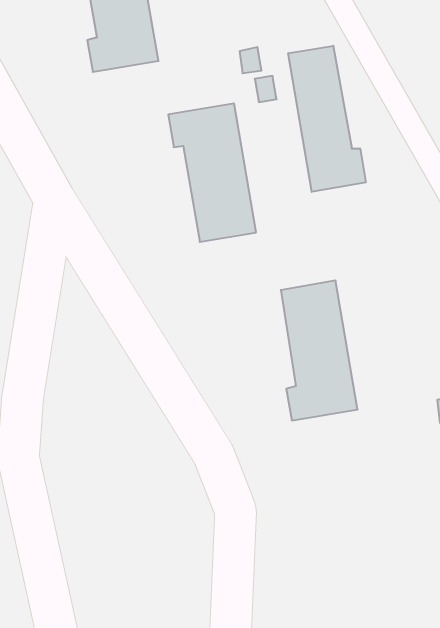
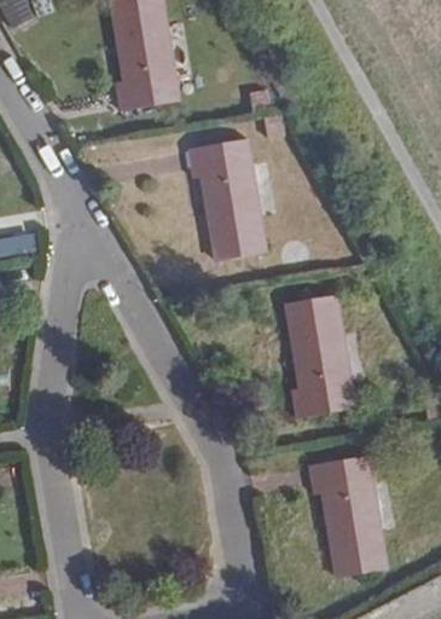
building: [288,46,366,192] -> none
building: none -> [309,455,387,577]

